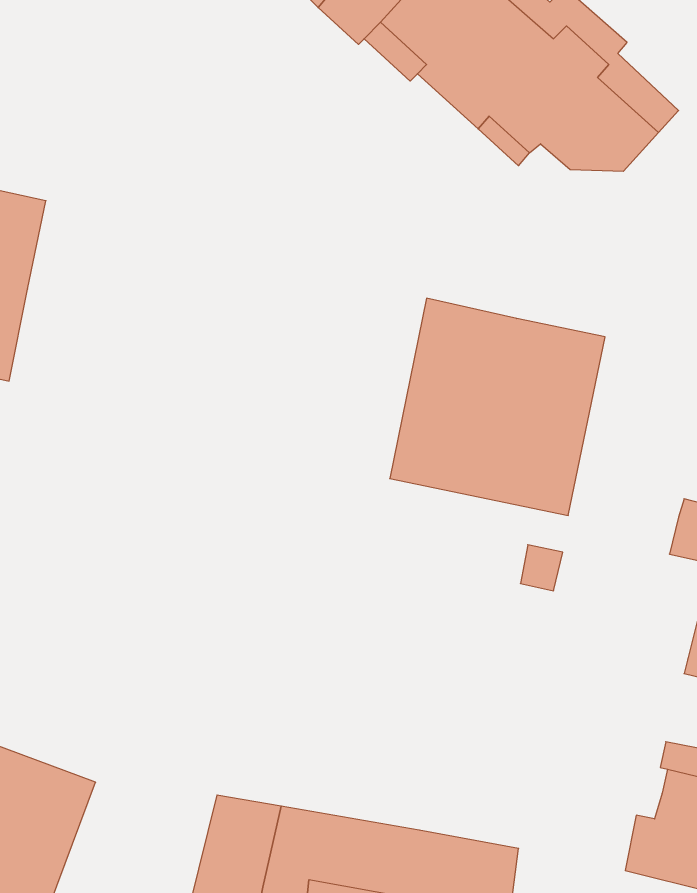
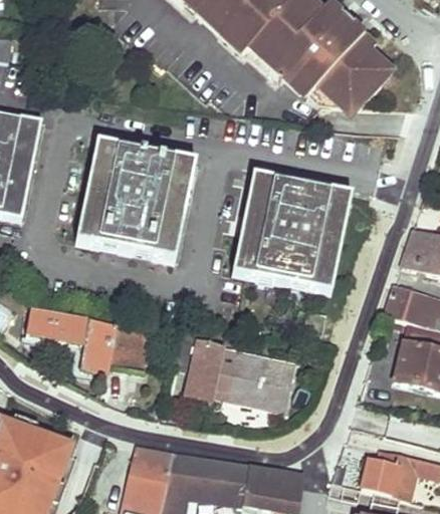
building: none -> [75,144,197,263]
building: none -> [25,310,151,376]
building: none -> [172,326,294,411]

